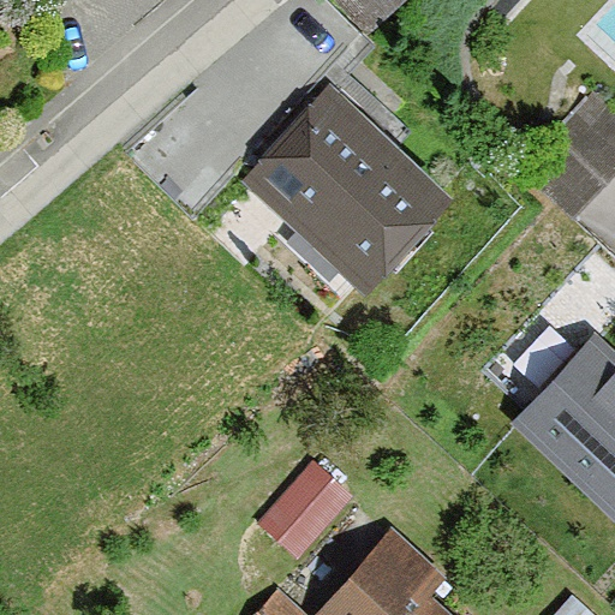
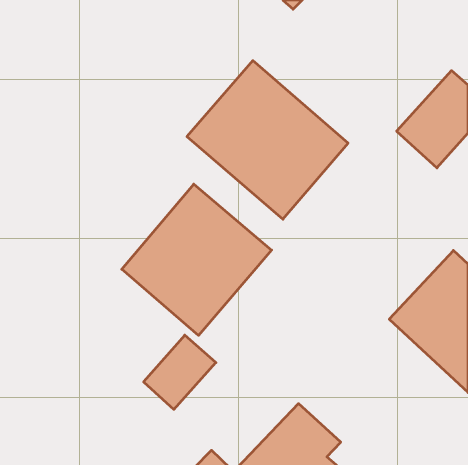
building: none -> [122,184,272,335]
building: [258,466,353,563] -> [144,335,216,409]

